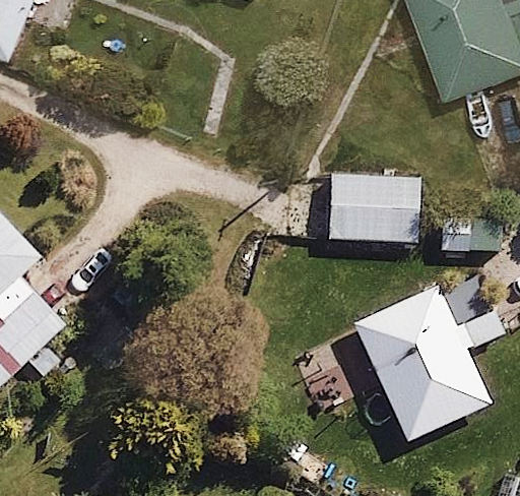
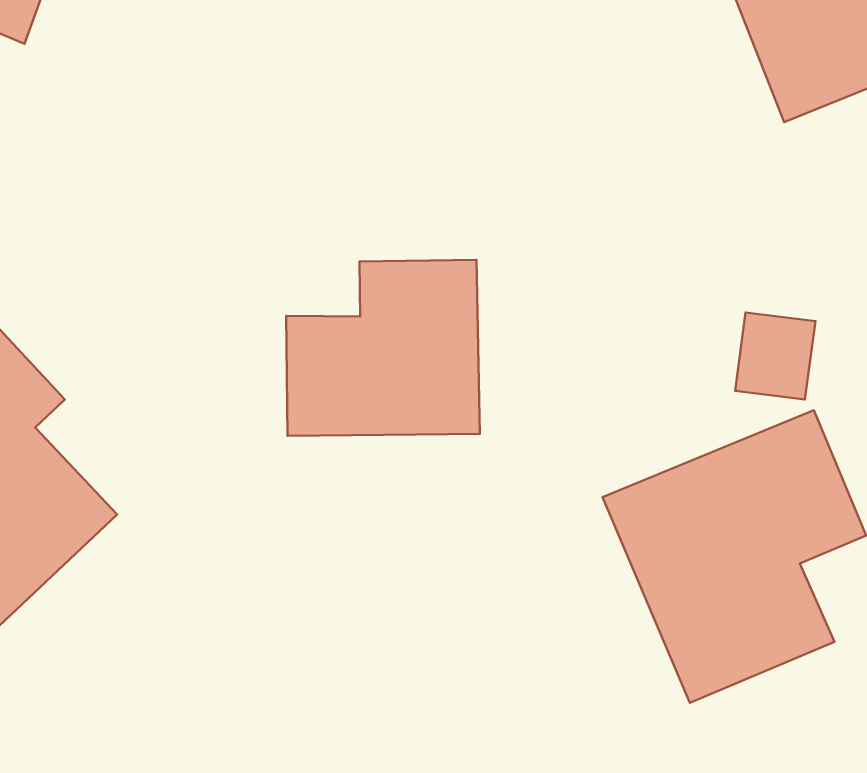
building: [327,167,418,242] -> none
building: none -> [286,260,480,436]

